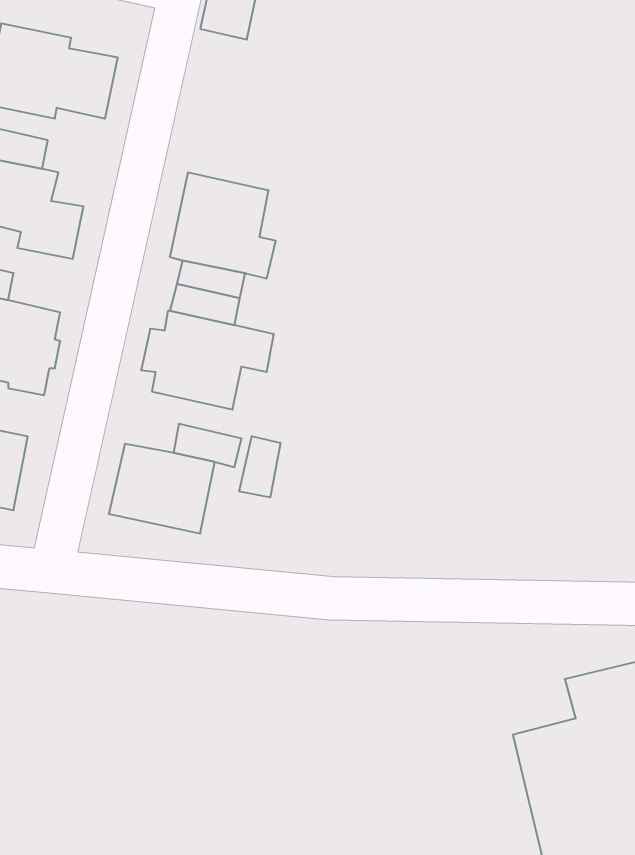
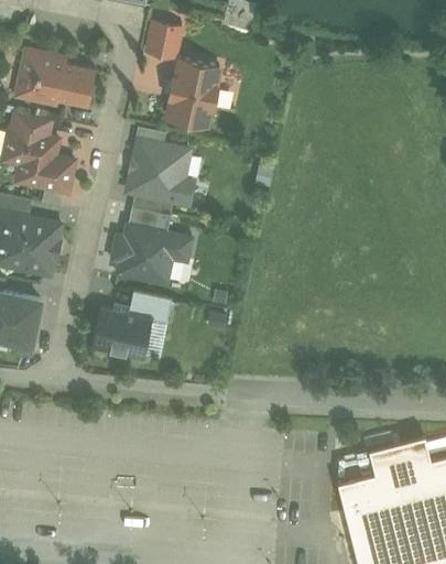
building: none -> [167,58,219,128]
building: [239,436,281,497] -> none

